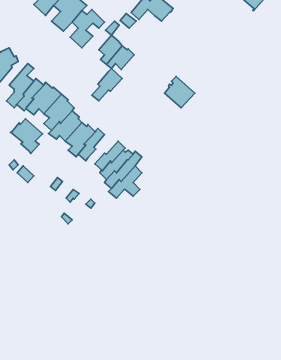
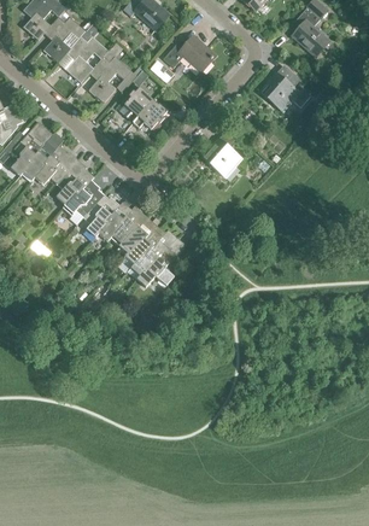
building: none -> [259,65,310,111]
building: [92,69,122,101] -> [110,205,147,245]
building: [11,119,42,153] -> none

